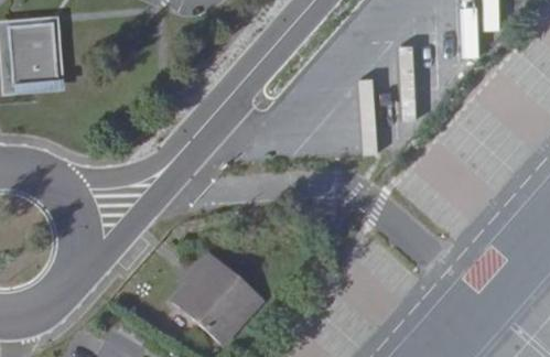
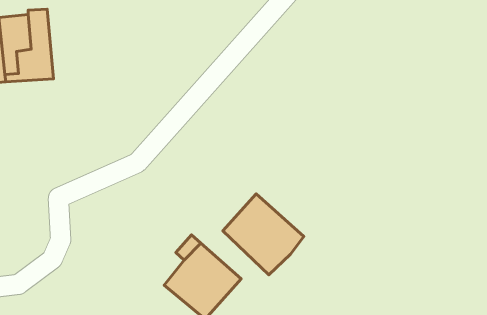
building: none -> [223,194,304,275]

